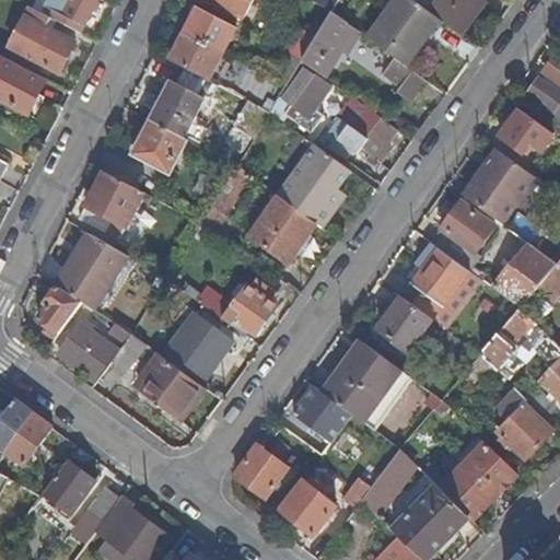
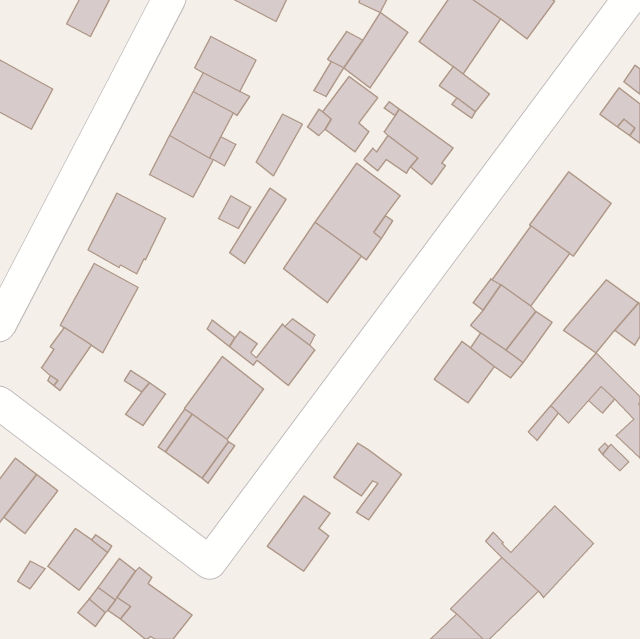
building: [5,5,73,71] -> none
building: [184,5,236,52] -> none
building: [499,109,553,155] -> none
building: [57,323,116,380] -> none
building: [320,340,400,422] -> none
building: [492,388,551,458] -> none
building: [361,448,416,515] -> none
building: [279,480,334,534] -> none

